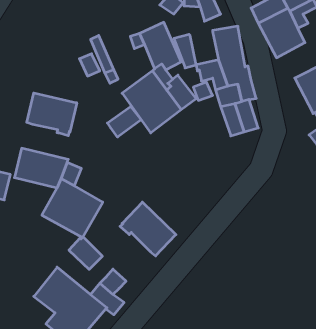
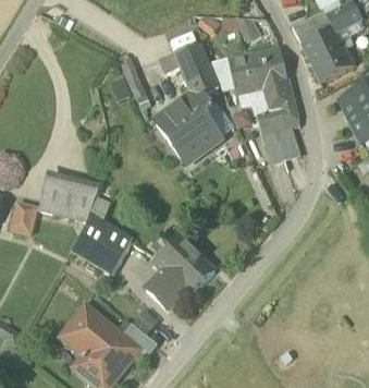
building: none -> [227,51,258,87]
building: [27,93,77,136] -> none
building: [107,106,141,137] -> none
building: [69,237,102,269] -> [149,267,185,302]

